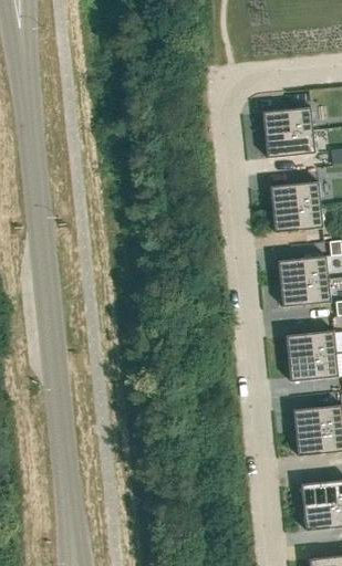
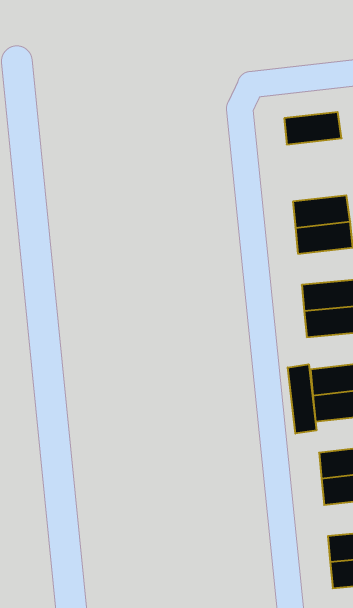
building: [265,129,315,158] -> none
building: none -> [288,364,316,434]

